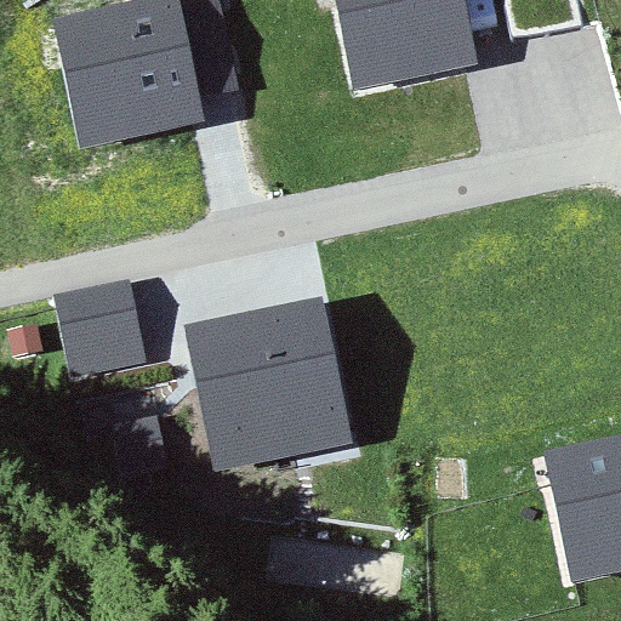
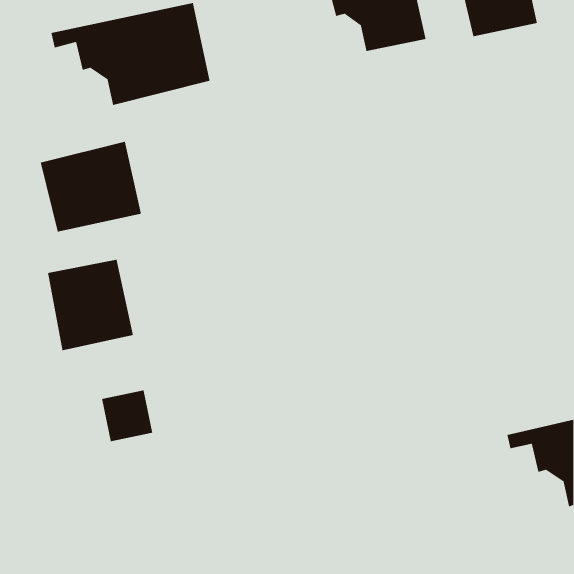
building: none -> [40,141,142,232]
building: [187,321,338,452] -> none

